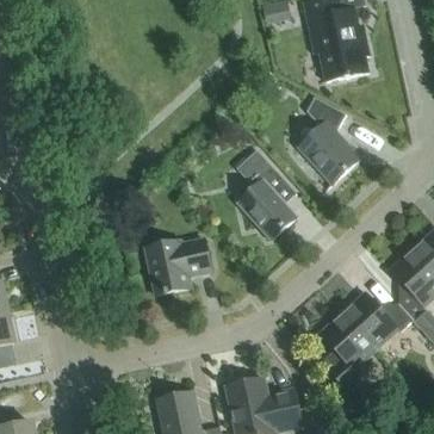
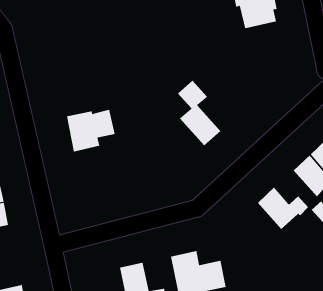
building: [299,95,361,184] -> none
building: [147,237,212,294] -> [66,109,115,152]
building: [321,312,376,389] -> none

